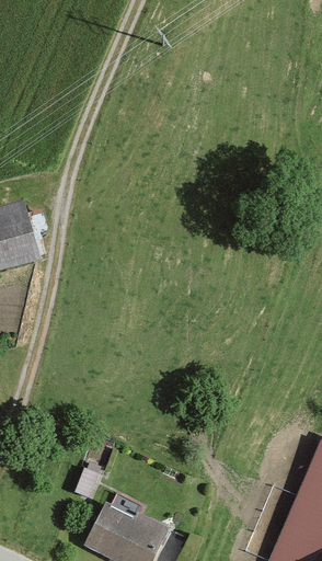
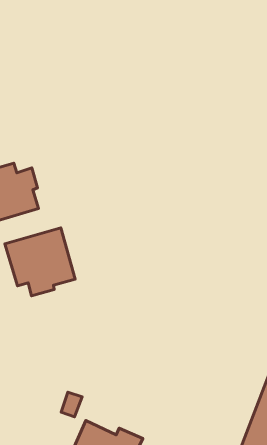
building: none -> [5,228,75,296]

